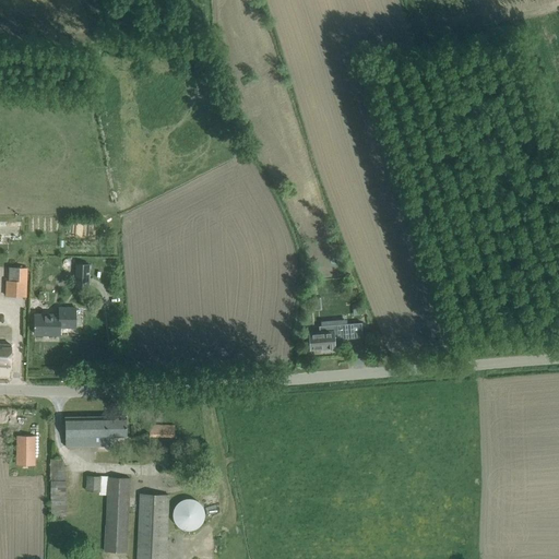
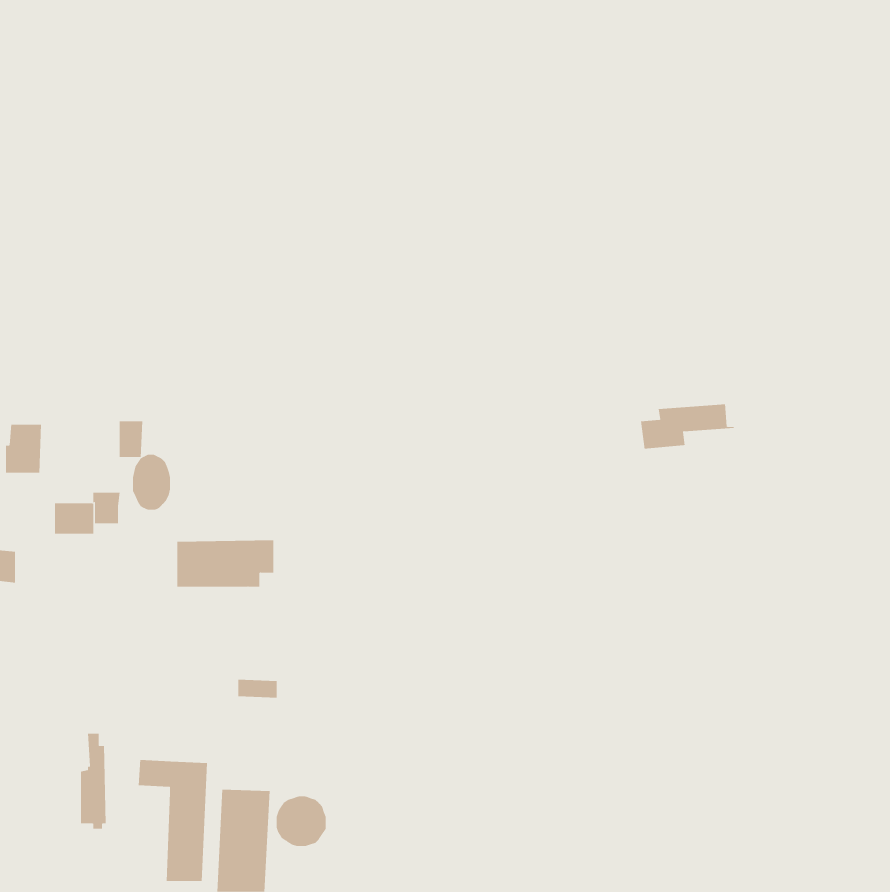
building: none -> [132,454,171,511]
building: [307,322,366,350] -> [640,404,735,449]
building: [64,416,126,445] -> [176,540,274,587]
building: [16,436,34,465] -> none

